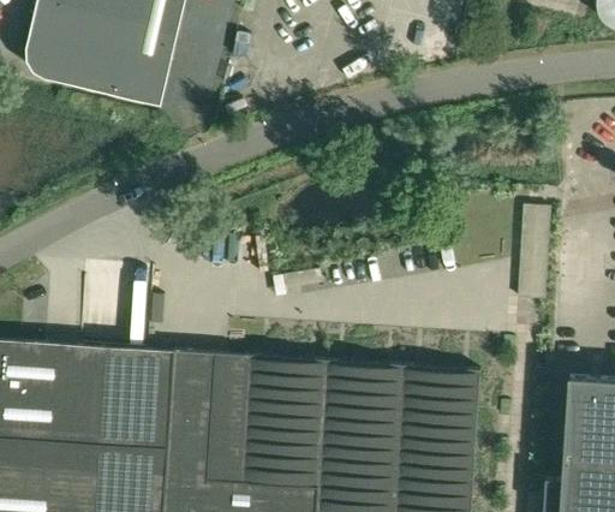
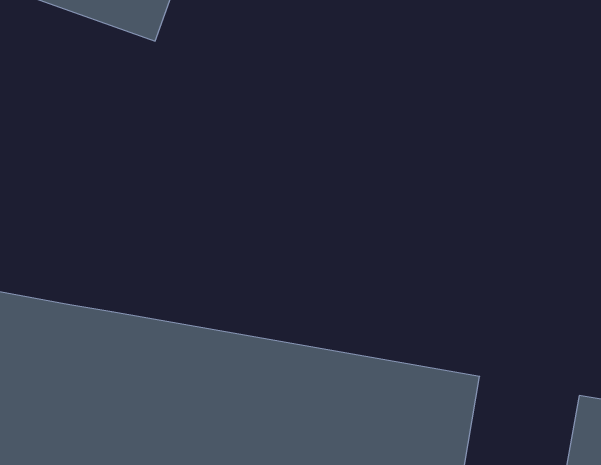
building: [517,207,550,302] -> none

